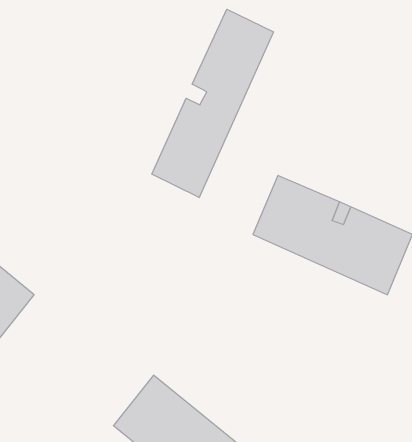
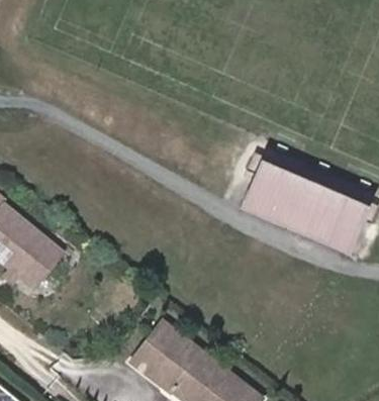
building: [152,9,273,198] -> none

